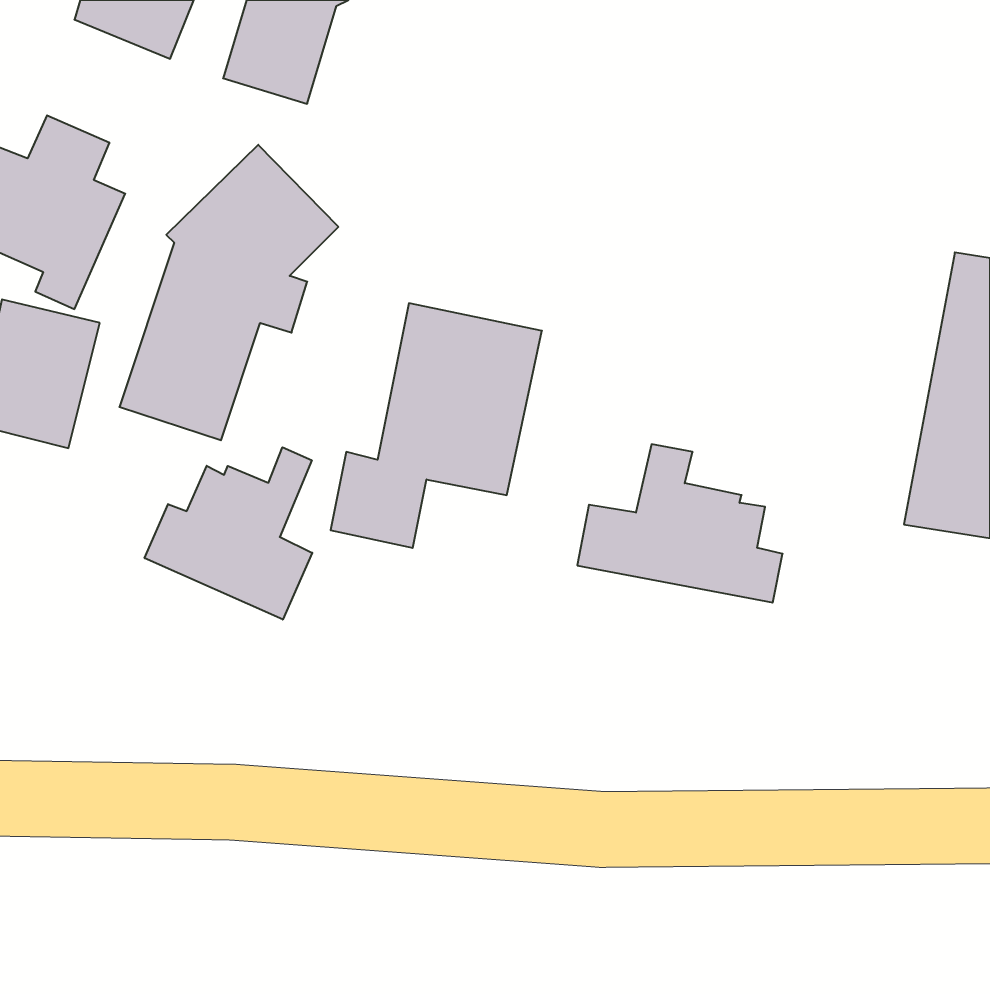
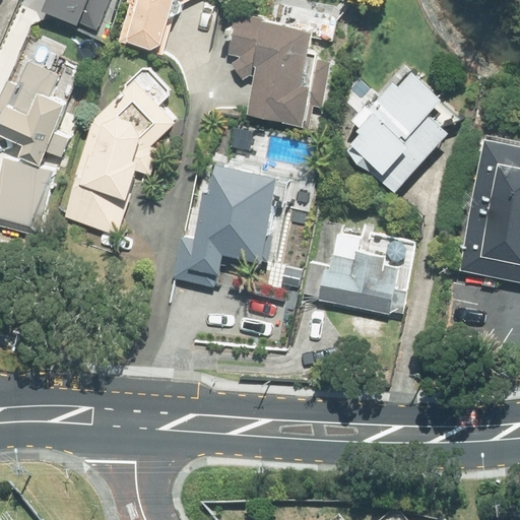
building: none -> [226,12,329,124]
building: none -> [346,63,451,192]
building: [145,447,312,620] -> none

